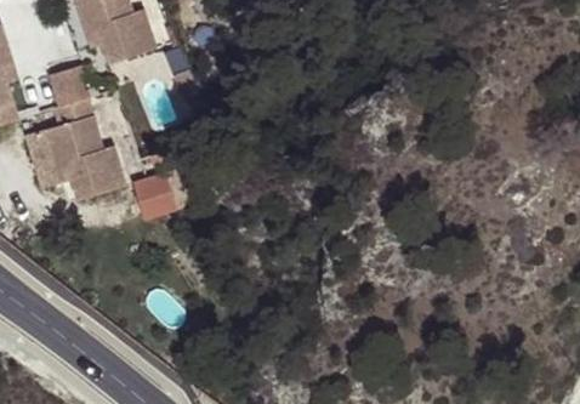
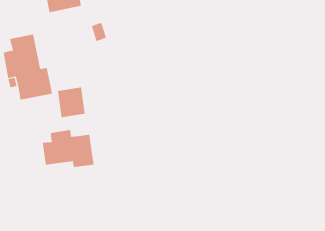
building: none -> [42,129,94,168]

